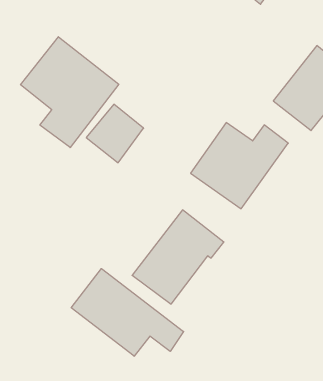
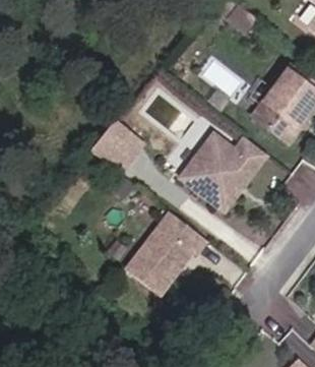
building: [21,37,119,148] -> none
building: [71,269,184,356] -> none

